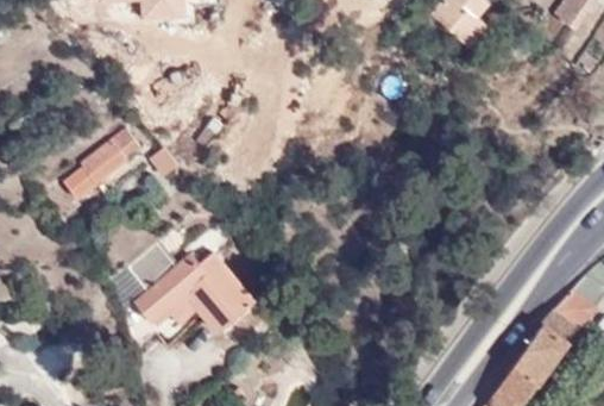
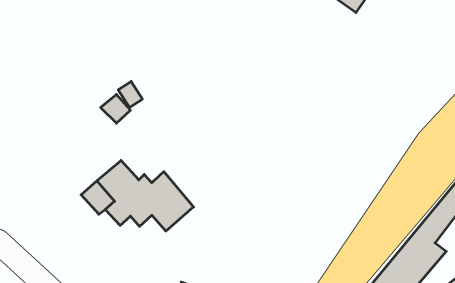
building: [81,129,144,189] -> none

